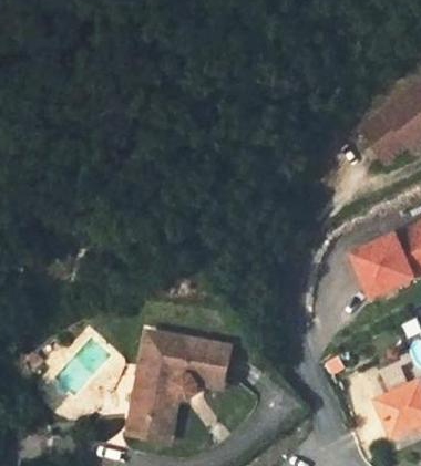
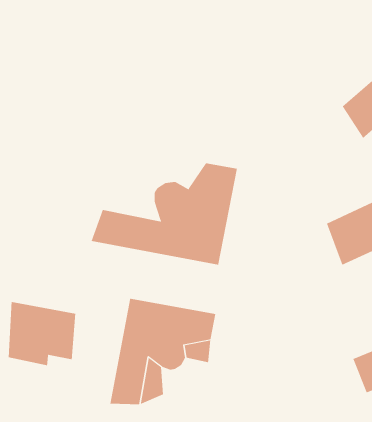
building: none -> [91,162,237,265]
building: none -> [8,301,76,366]

